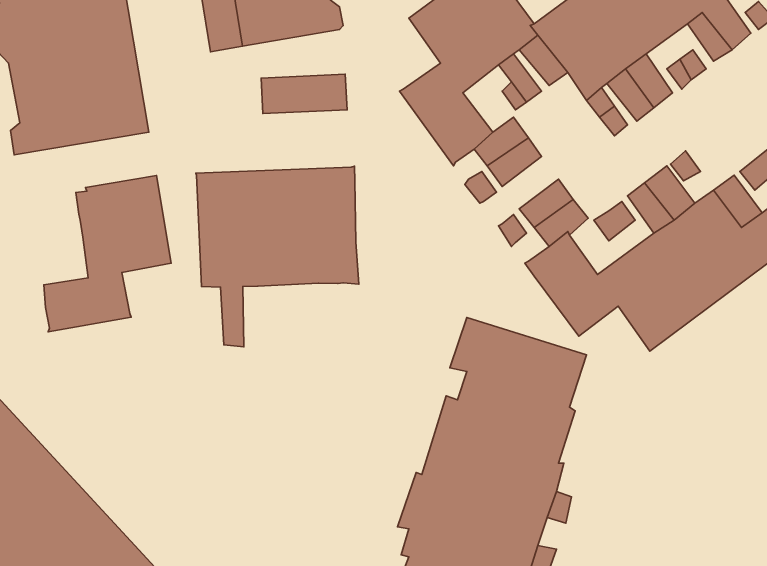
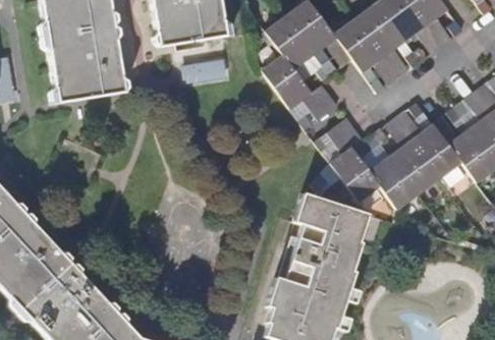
building: [196,166,359,347] -> none
building: [44,175,171,332] -> none

